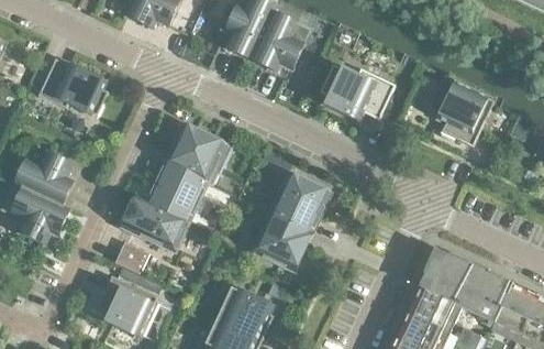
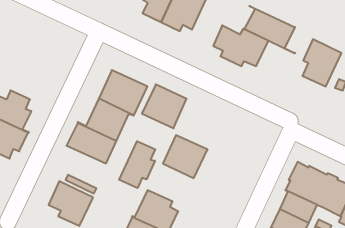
building: none -> [245,6,295,53]
building: [37,58,108,116] -> none
building: [269,173,330,232] -> [142,84,187,128]
building: none -> [119,141,155,188]
building: [116,241,151,272] -> none

